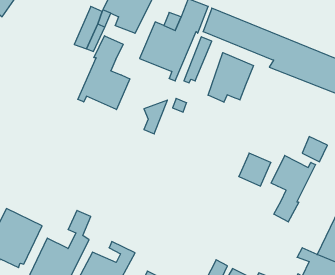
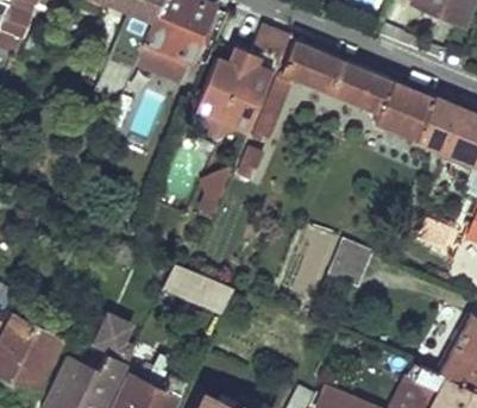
building: [78,36,130,110] -> none
building: [208,53,253,102] -> none
building: [271,155,316,222] -> none
building: none -> [163,264,232,314]

